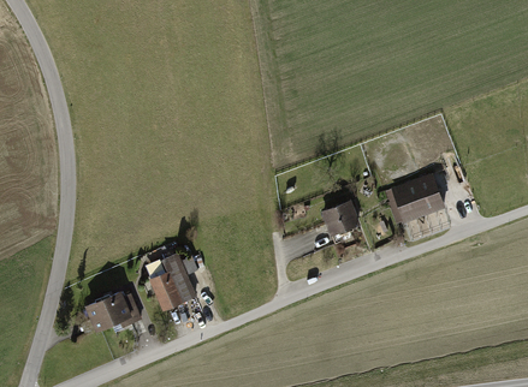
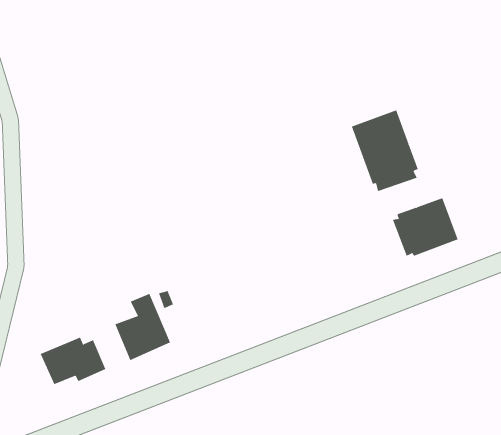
building: none -> [351,110,419,192]
building: [320,201,360,239] -> none

